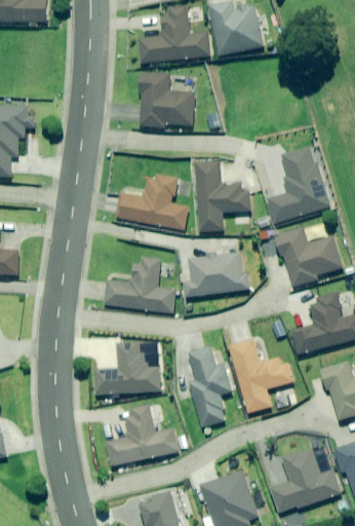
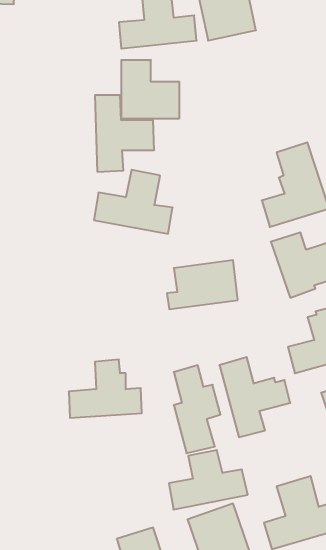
building: [197,162,250,231] -> [95,95,154,172]
building: [105,257,174,312] -> none
building: [107,412,177,465] -> [169,450,248,510]

